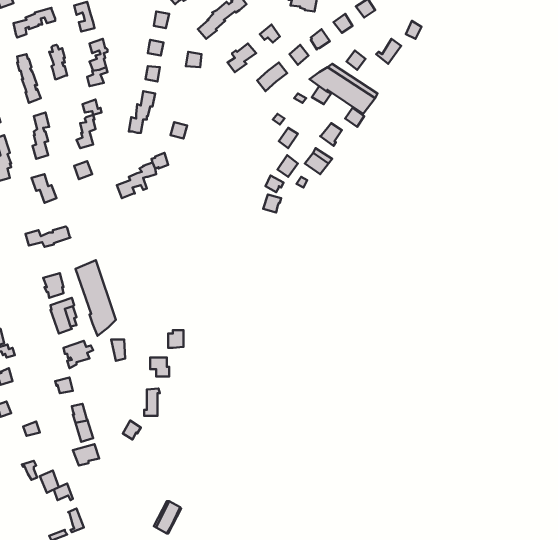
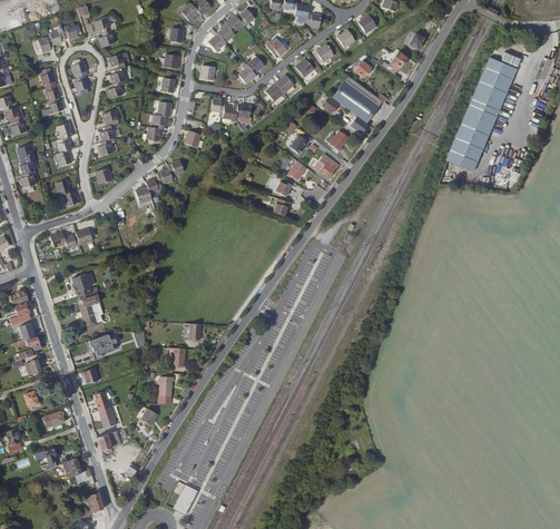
building: none -> [450,62,522,176]
building: none -> [212,97,252,121]
building: [76,260,116,336] -> none

